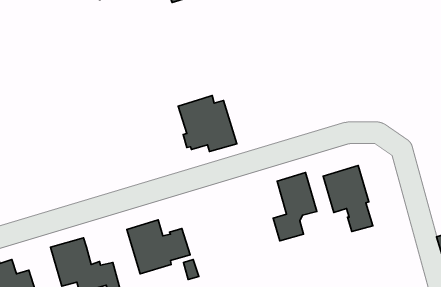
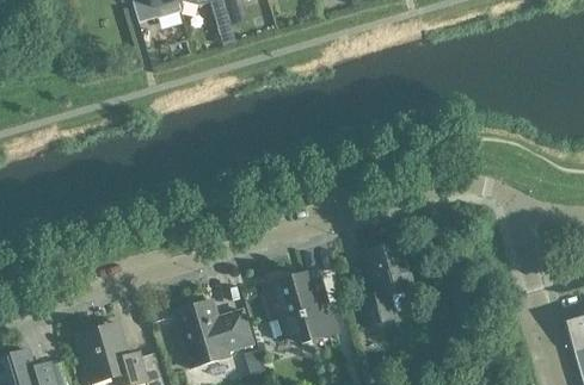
building: [178,96,237,151] -> [264,271,338,341]
building: [323,166,373,231] -> none

